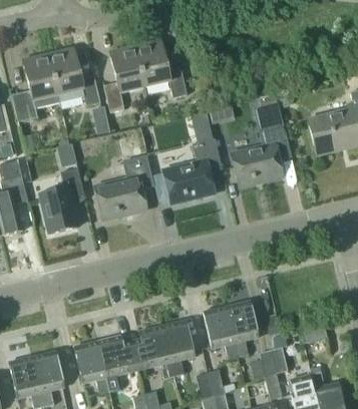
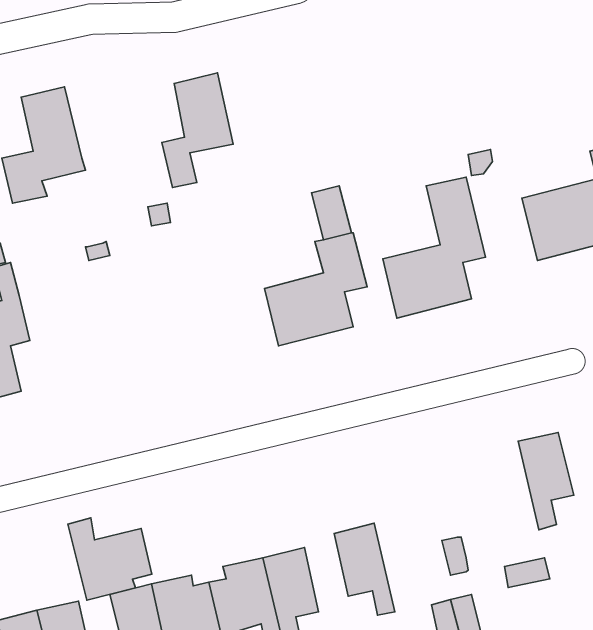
building: [135,39,187,97] -> none
building: [47,47,99,104] -> none
building: [94,153,153,220] -> none
building: [41,169,84,235] -> none
building: [226,300,258,356] -> [518,432,574,530]
building: none -> [68,518,152,600]

